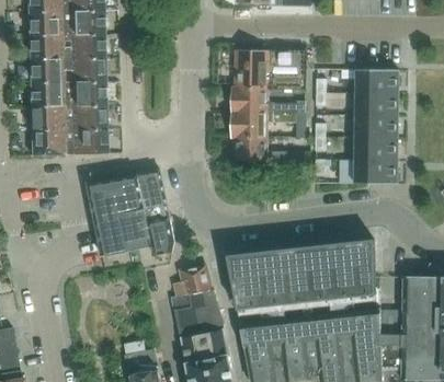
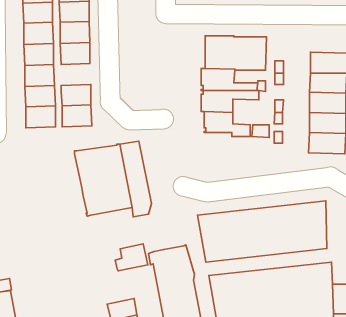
building: [72,82,106,107] -> none
building: [175,266,213,297] -> [115,244,148,271]

